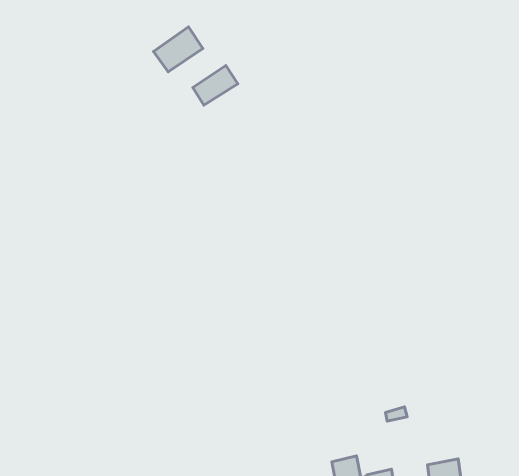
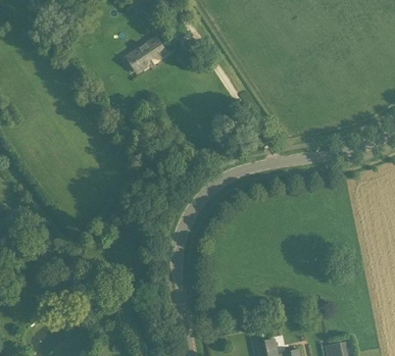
building: [193,66,238,105] -> none

